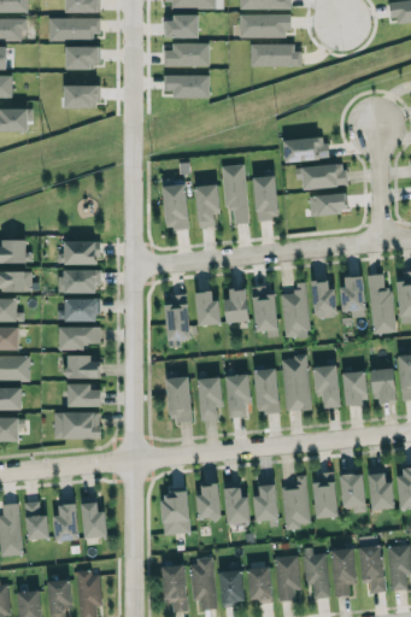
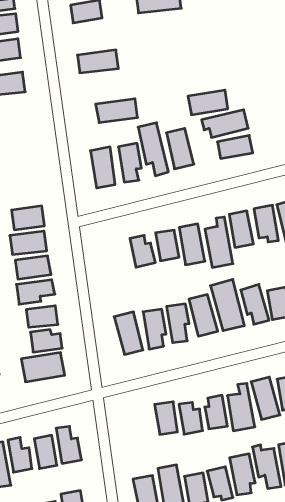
building: [251,43,299,66] -> none
building: [164,45,210,66] -> [96,99,138,123]
building: [165,295,189,347] -> none
building: [160,489,190,535] -> none

